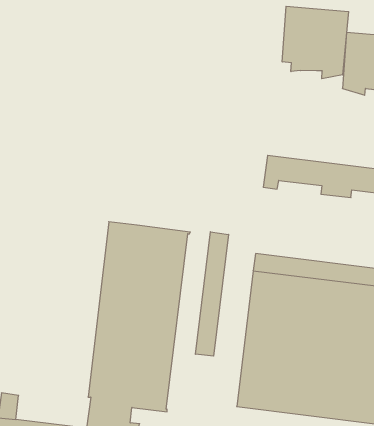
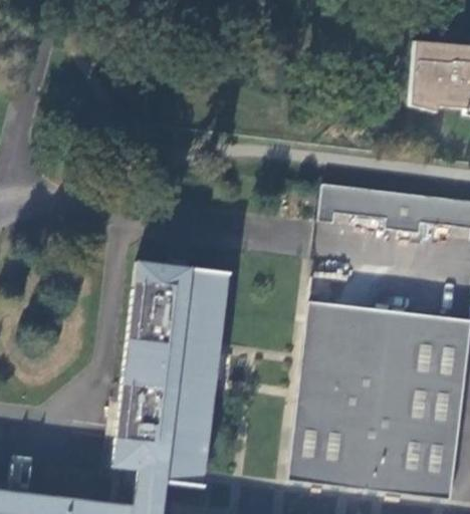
building: [282,6,349,79] -> none
building: [195,232,229,356] -> none

